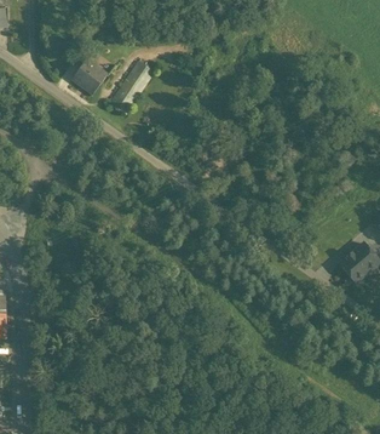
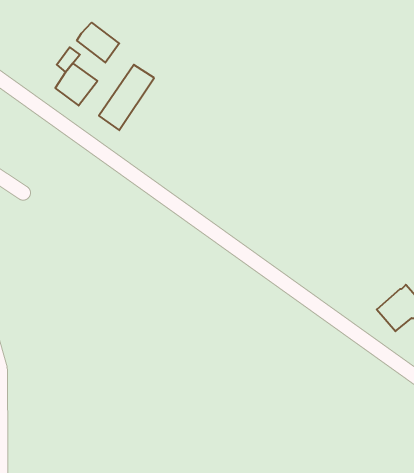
building: none -> [77,23,119,63]

